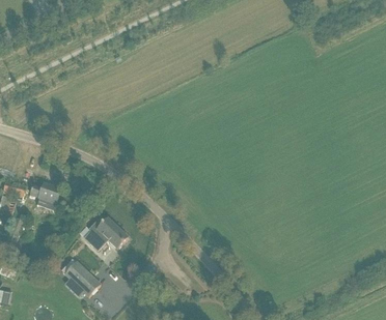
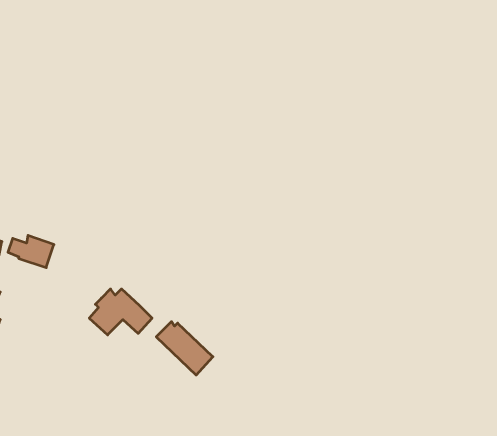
building: [61,260,100,296] -> [156,322,213,375]

